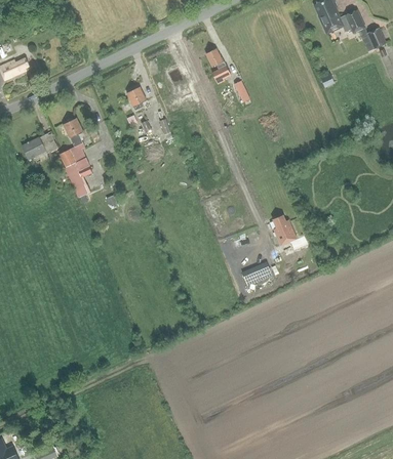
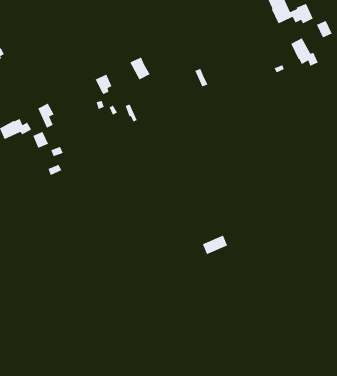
building: none -> [290,37,319,67]
building: [206,48,229,84] -> none
building: [274,215,297,245] -> none

